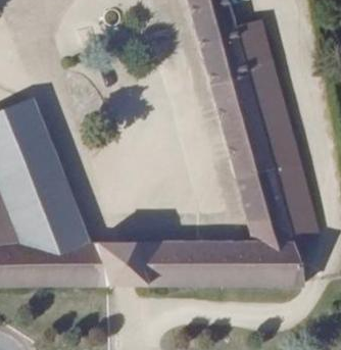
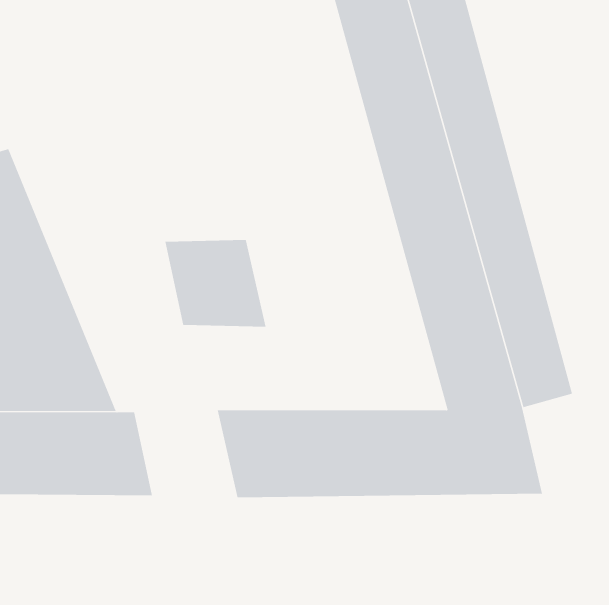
building: [96,241,148,286] -> [164,239,266,327]

